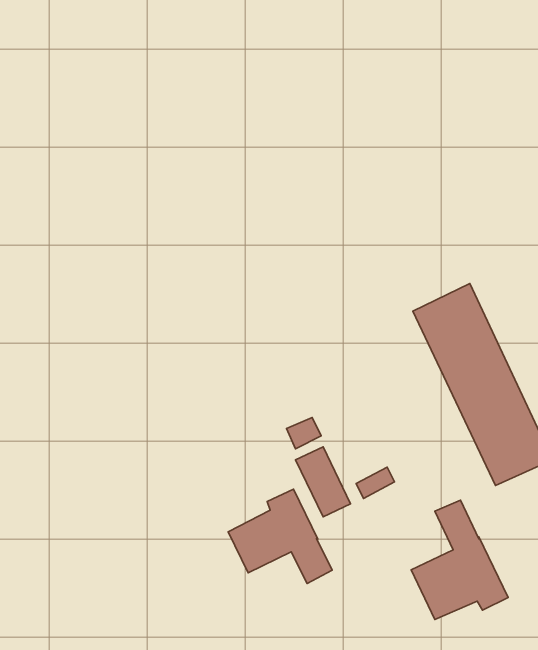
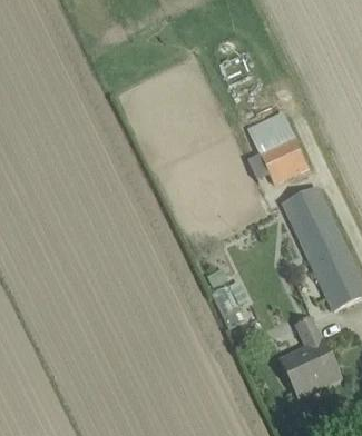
building: none -> [246,112,309,184]
building: [228,489,332,584] -> none

